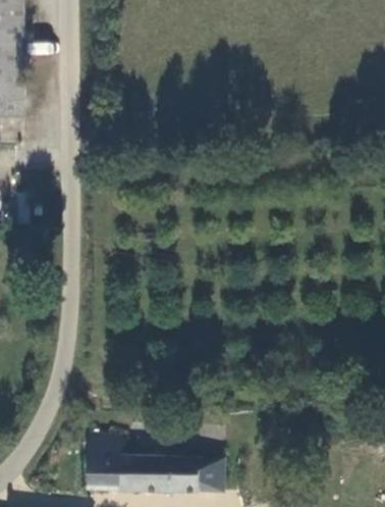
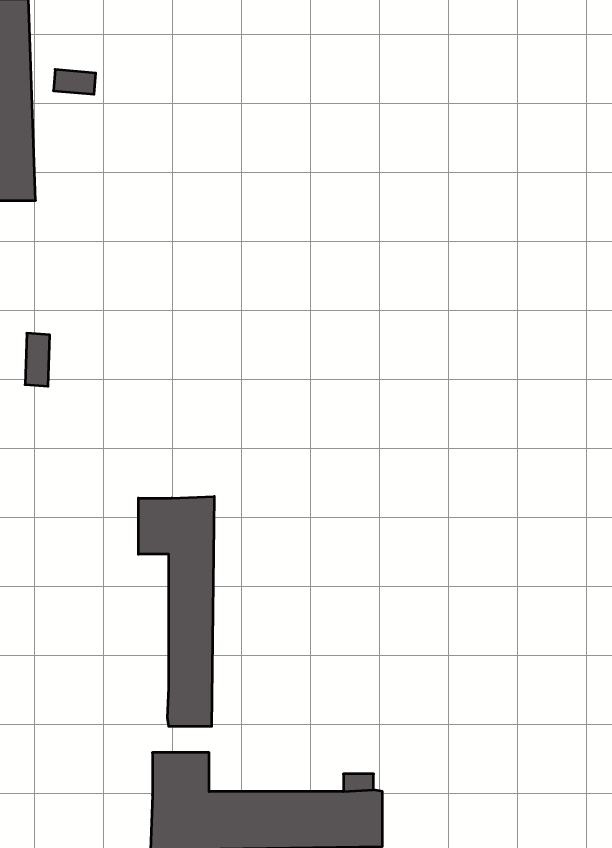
building: none -> [138,496,214,726]

